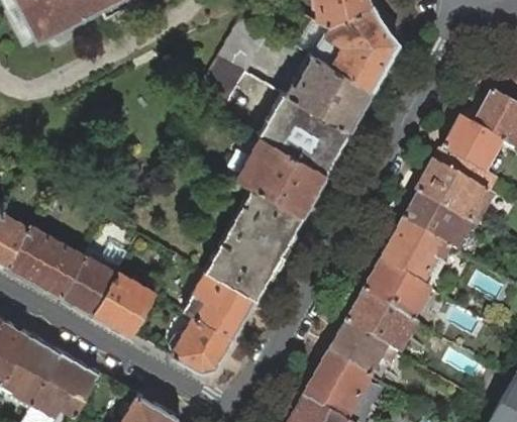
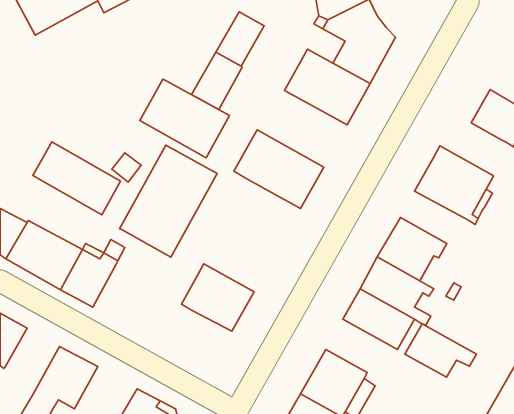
building: [258,94,348,173] -> [140,79,230,158]
building: [441,120,505,181] -> none
building: none -> [33,142,121,215]
building: [204,186,302,298] -> [119,145,217,257]
building: [402,197,469,252] -> none
building: [94,271,154,333] -> none
building: [172,316,233,372] -> none
building: [327,325,399,379] -> [405,324,477,377]
building: [6,334,61,402] -> none

